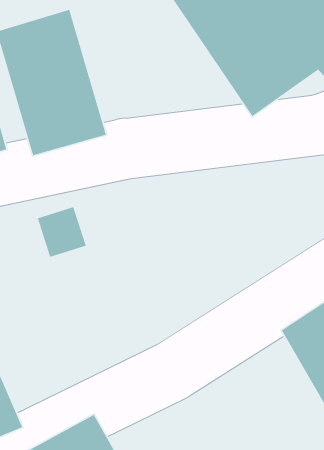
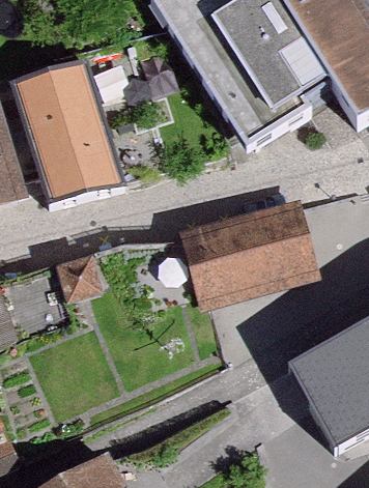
building: none -> [182,201,320,307]

